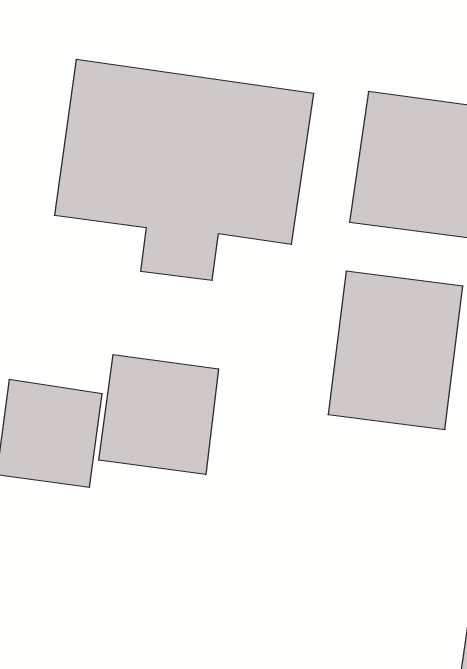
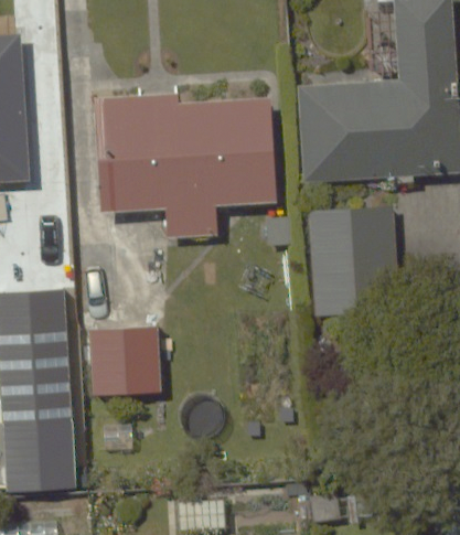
building: [99,355,218,475] -> none

